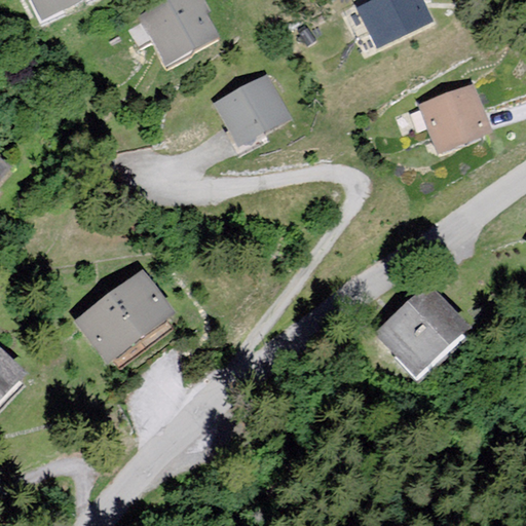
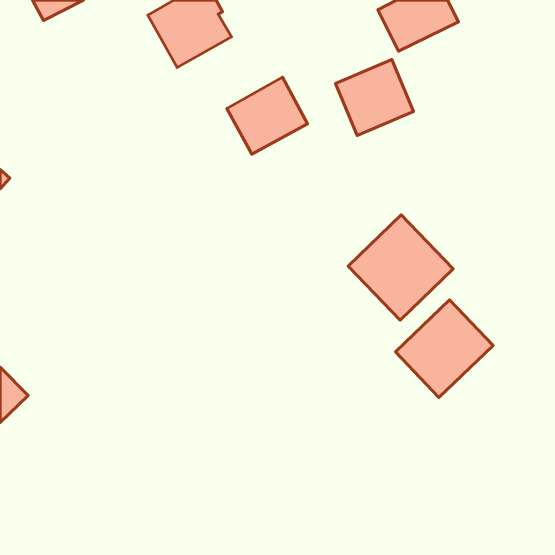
building: [418,82,492,154] -> [335,59,414,136]
building: none -> [348,215,453,320]
building: [74,269,176,364] -> none

